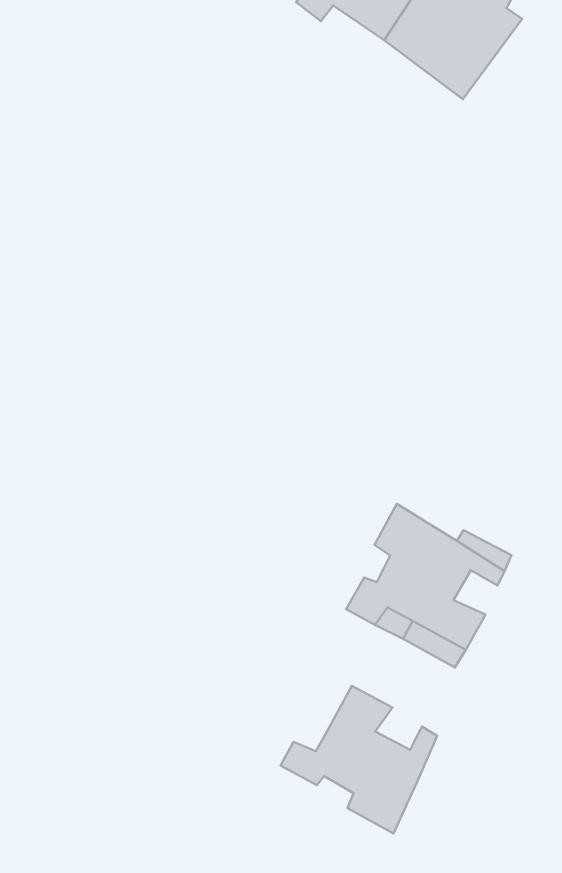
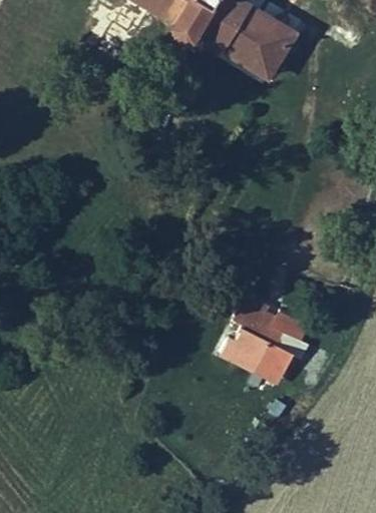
building: [281,686,437,833] -> none

